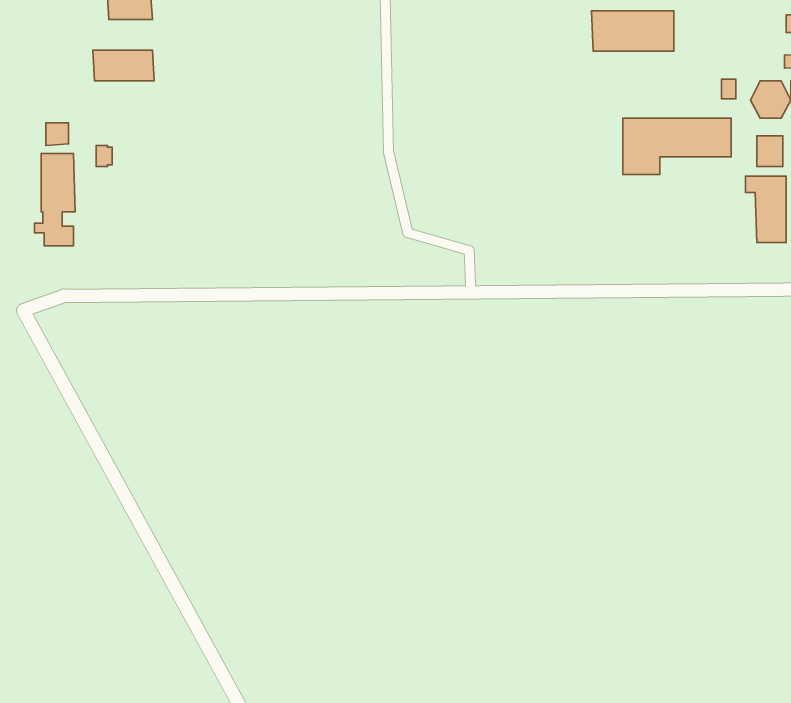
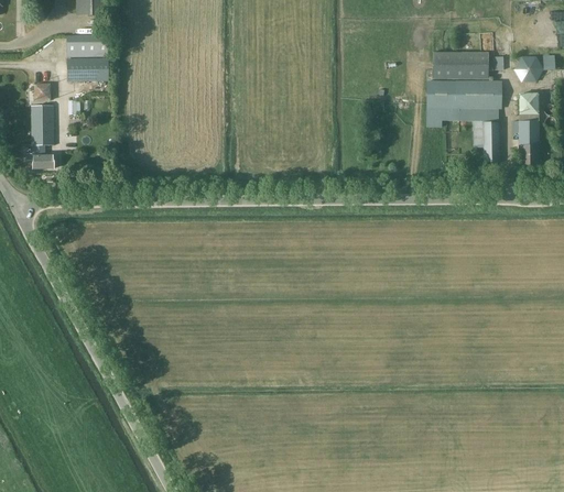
building: [591,11,674,51] -> [432,52,488,79]
building: none -> [67,58,108,79]
building: none -> [457,109,499,163]

